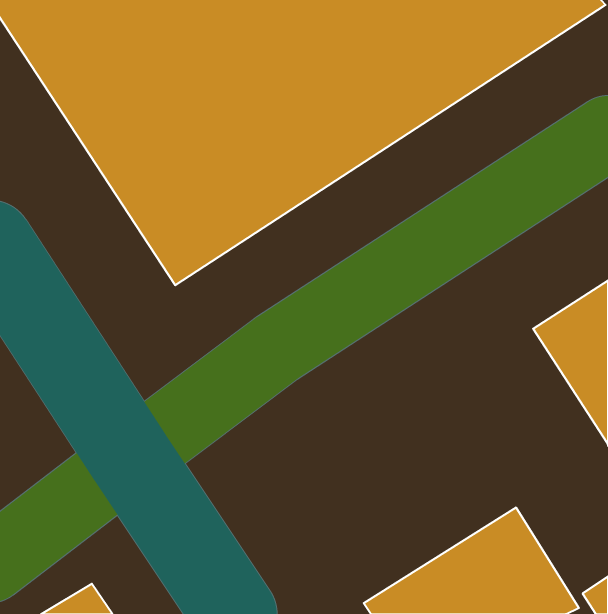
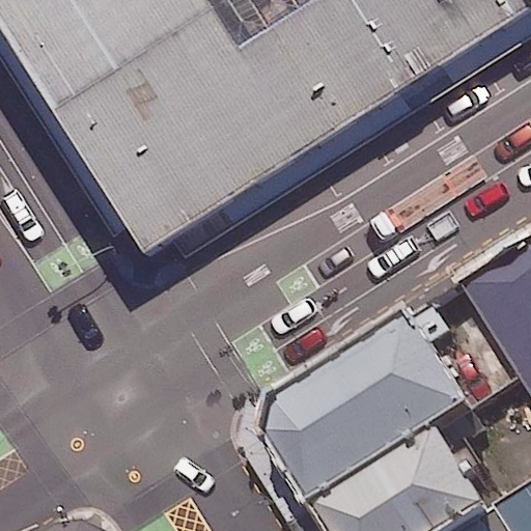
building: none -> [257,330,470,518]

